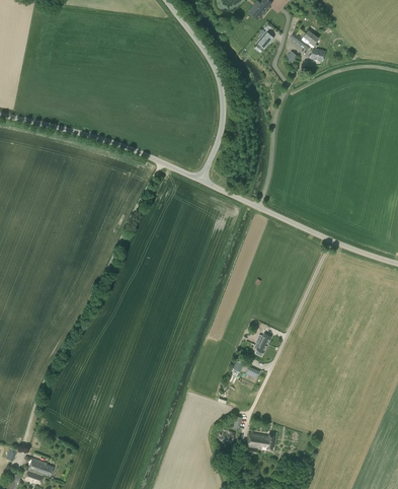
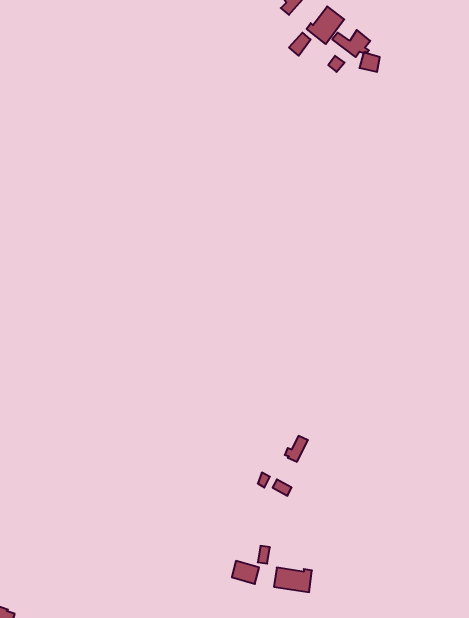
building: none -> [307,6,344,44]

